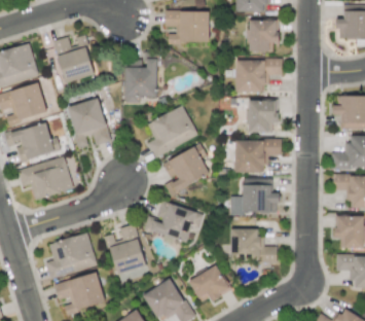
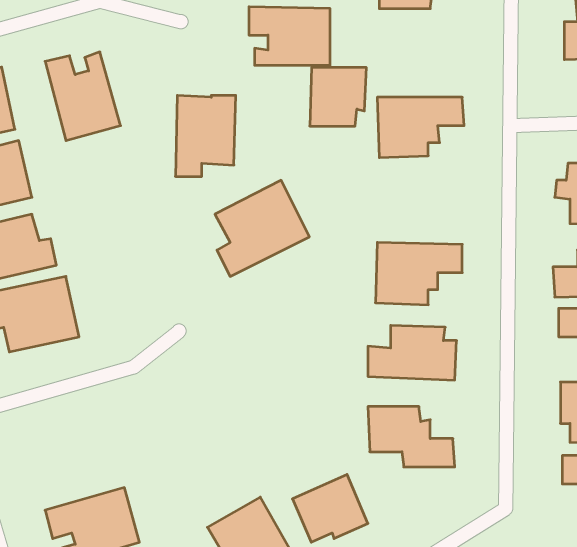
building: [248,20,279,51] -> [310,68,366,126]
building: [68,98,111,147] -> none
building: [248,100,278,133] -> none
building: [163,144,211,194] -> none
building: [144,202,204,241] -> none
building: [107,223,146,275] -> none
building: [46,233,97,278] -> none

